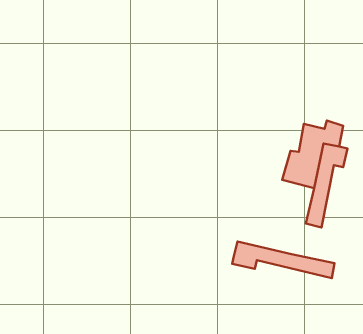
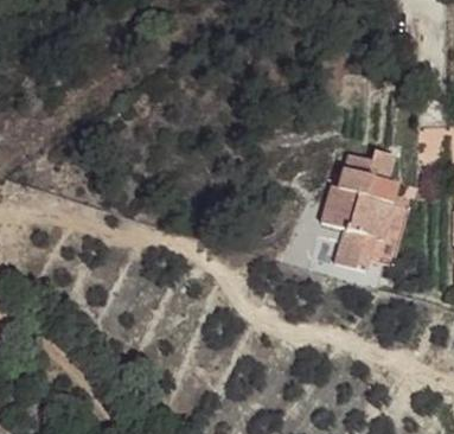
building: [232,242,334,278] -> none

